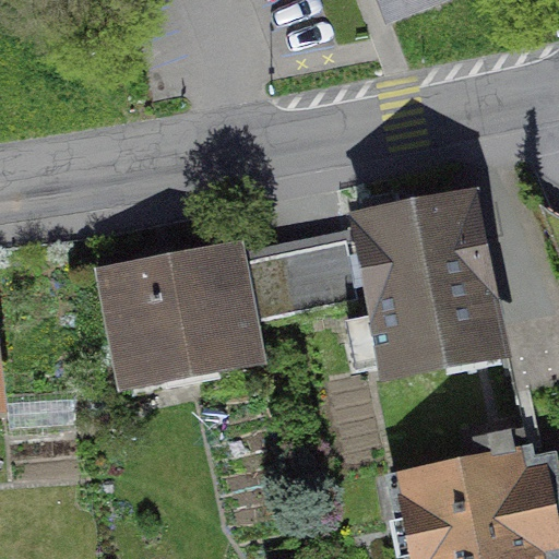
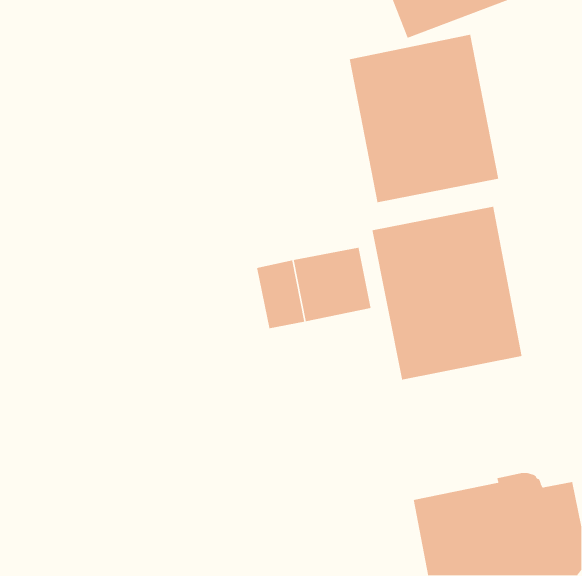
building: none -> [349,34,499,203]
building: [107,248,249,373] -> none

